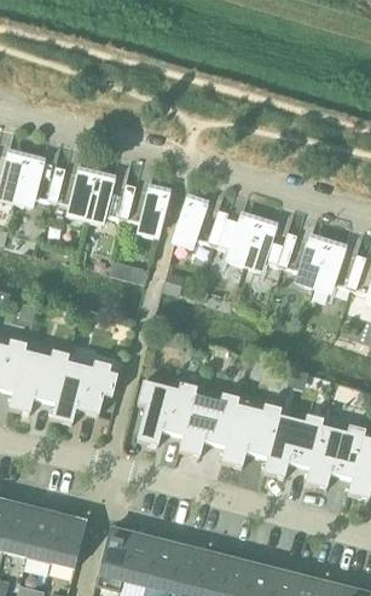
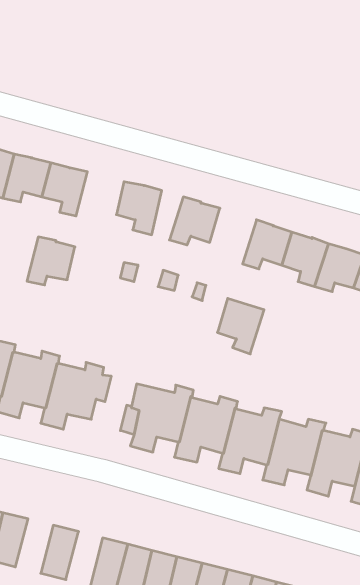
building: [85,177,131,222] -> [27,237,75,285]
building: [213,212,257,265] -> [217,298,264,354]
building: [27,509,63,561] -> none

